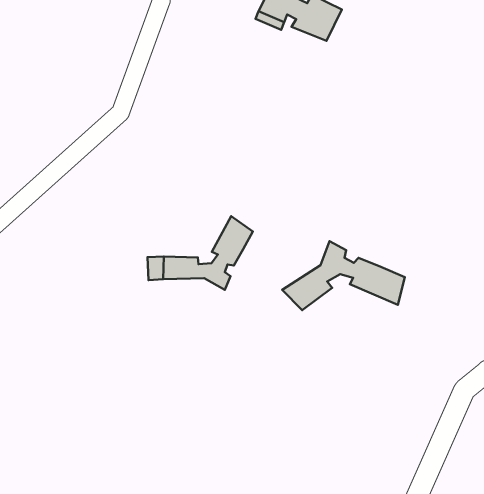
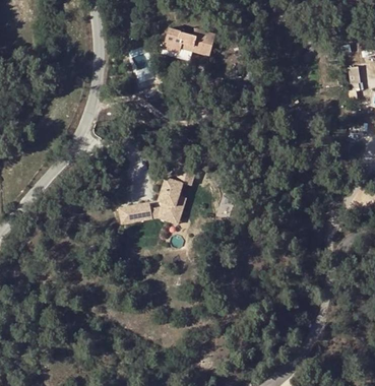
building: [282,241,405,310] -> none

